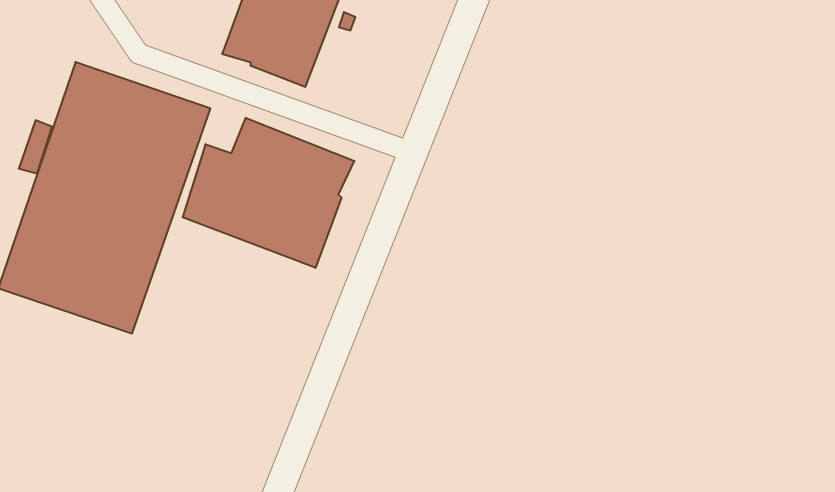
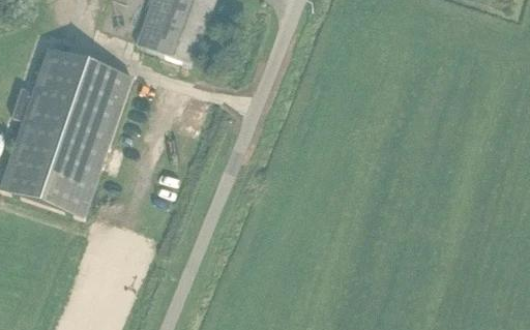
building: [183,118,354,268] -> none

